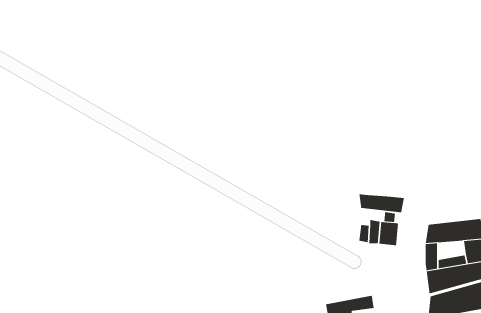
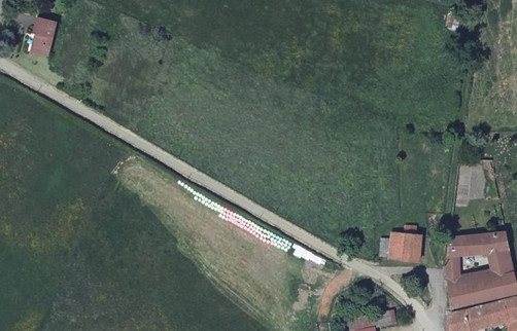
building: none -> [29,19,55,54]
building: [359,194,405,213] -> none

